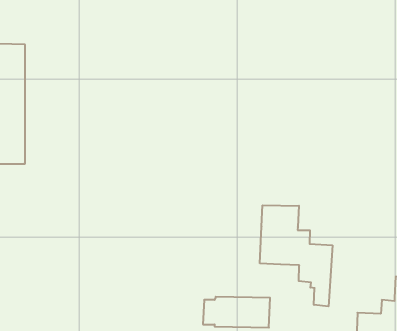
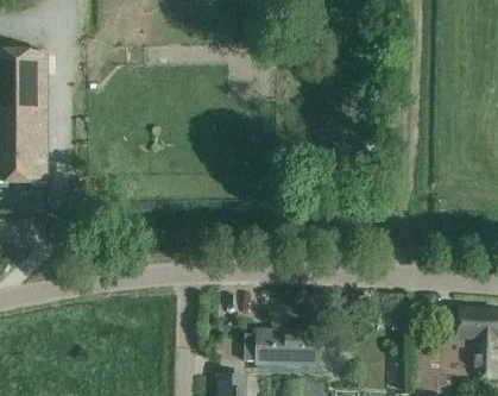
building: [260,205,332,306] -> none

